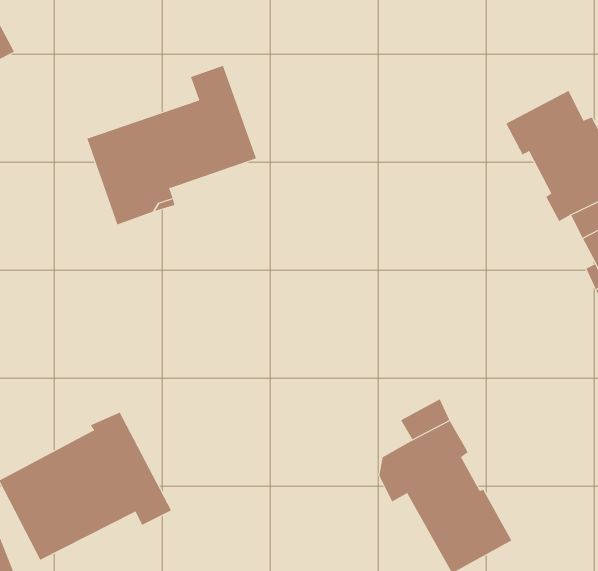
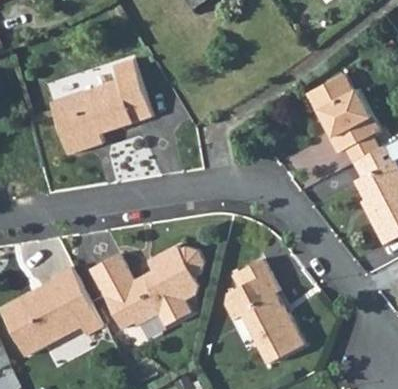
building: none -> [89,242,202,326]

